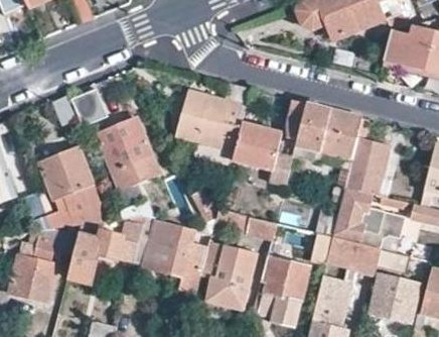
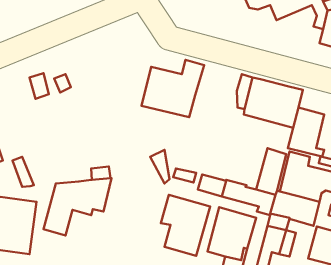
building: [100,121,161,192] -> none
building: [231,125,281,173] -> none
building: [43,153,108,227] -> none
building: [144,223,210,296] -> none

